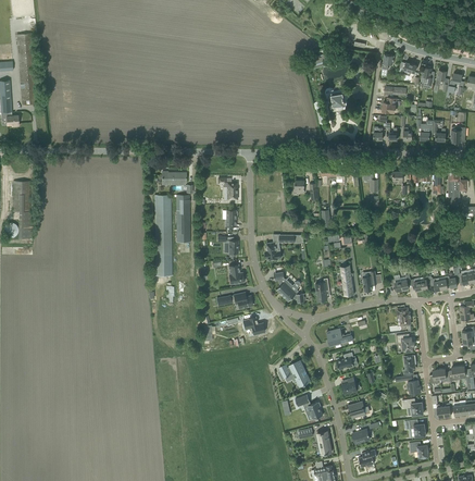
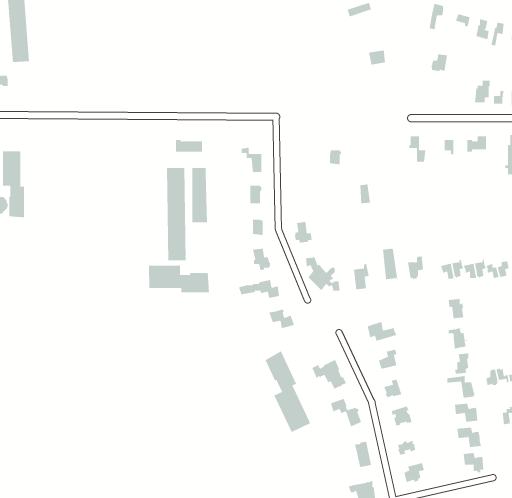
building: none -> [148,265,210,293]
building: none -> [265,351,311,433]

